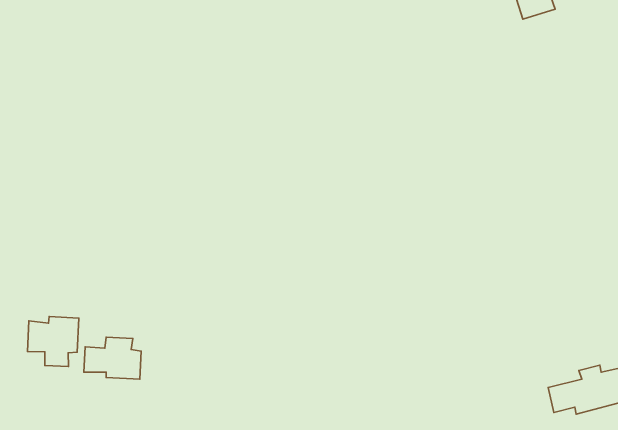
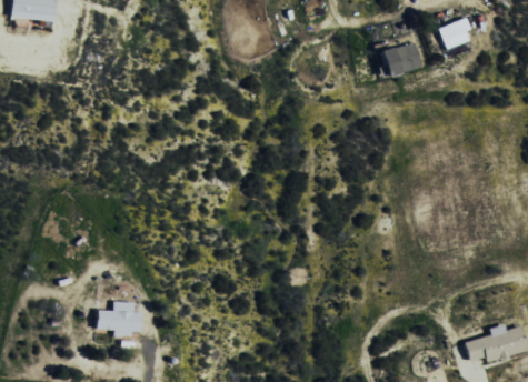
building: none -> [380,42,422,76]
building: [27,316,79,366] -> none

